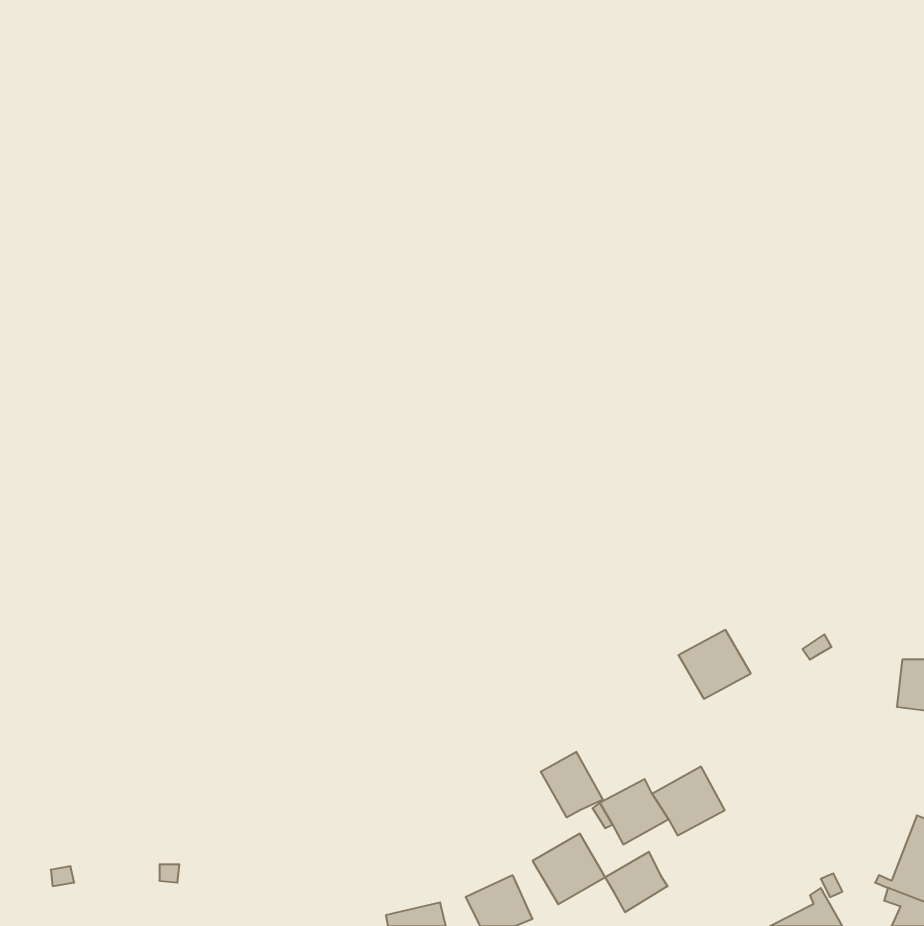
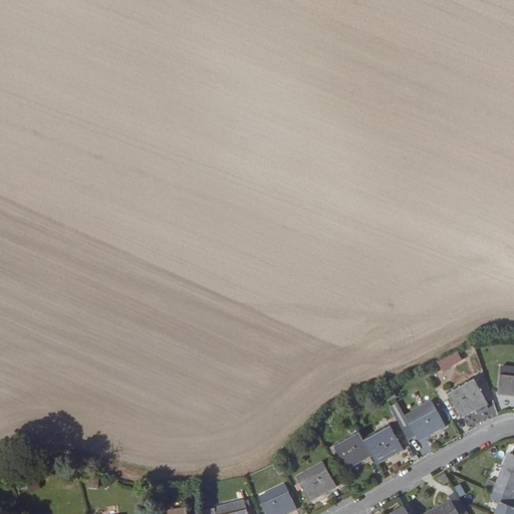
building: [678,630,751,699] -> [405,402,445,440]
building: none -> [447,377,487,417]
building: [541,752,603,817] -> none
building: [605,852,668,912] -> none

